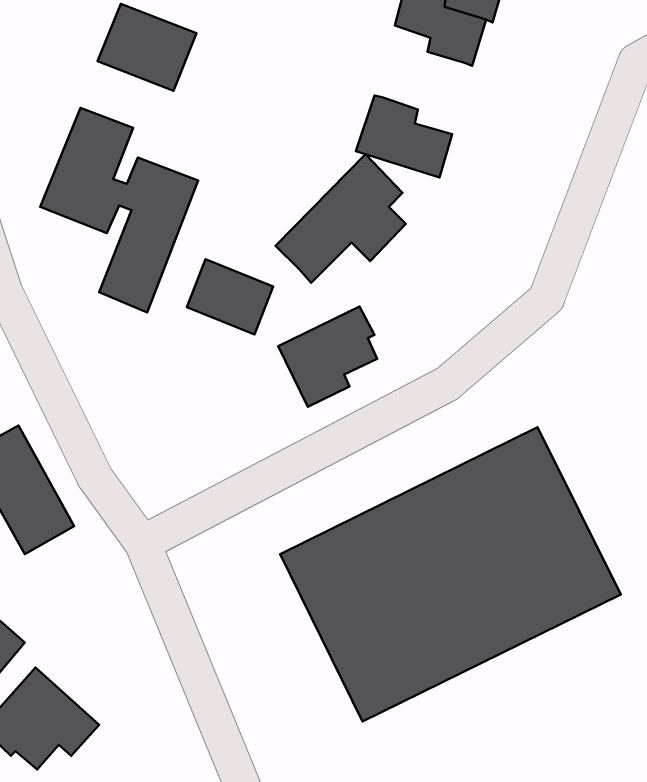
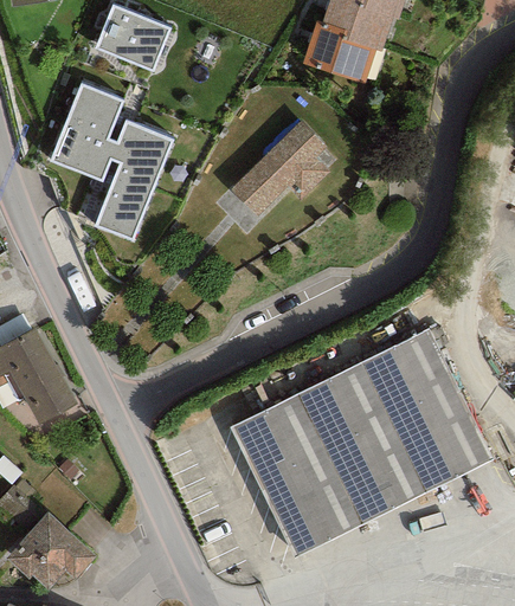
building: [356,95,452,178] -> [301,20,374,83]
building: [187,259,273,335] -> none
building: [278,306,377,407] -> none

